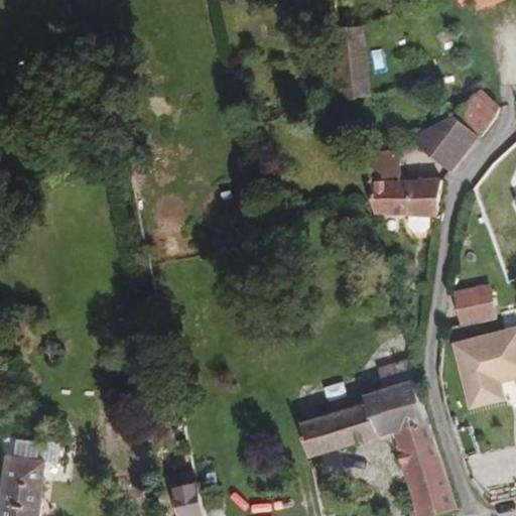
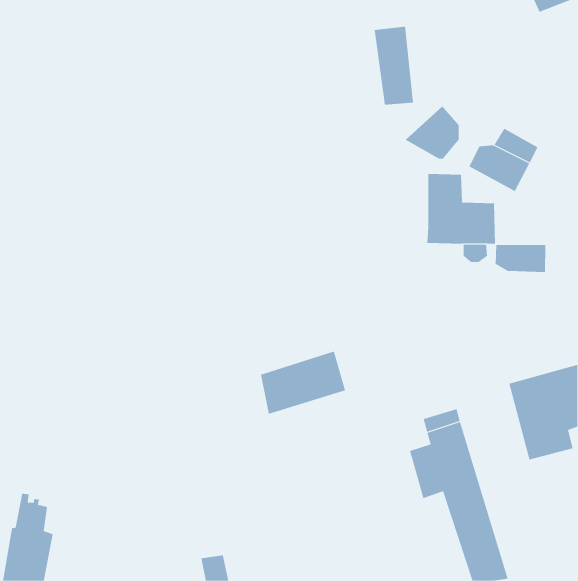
building: [445,83,494,130] -> [405,106,459,159]
building: none -> [495,244,546,273]
building: [459,287,498,325] -> none
building: [298,405,374,462] -> [260,351,346,415]

